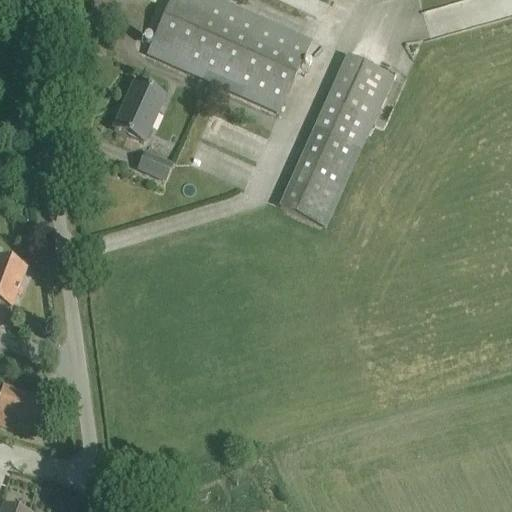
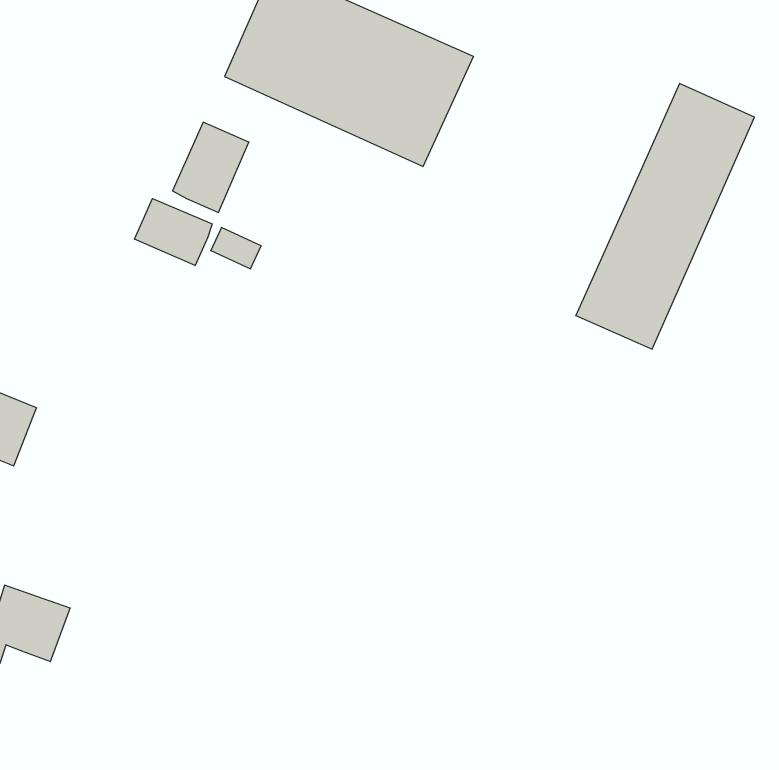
building: [279,52,396,226] -> [576,83,754,349]
building: none -> [135,199,212,266]

